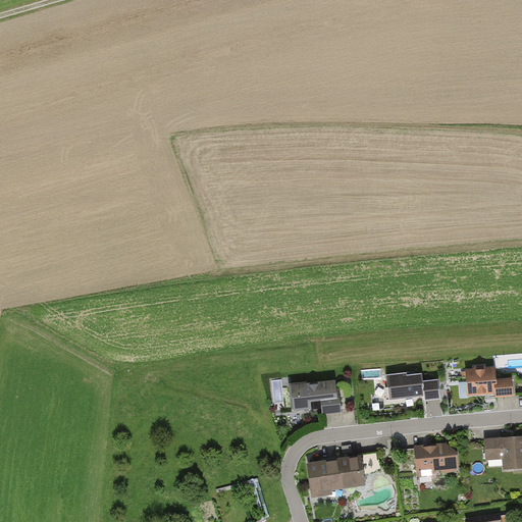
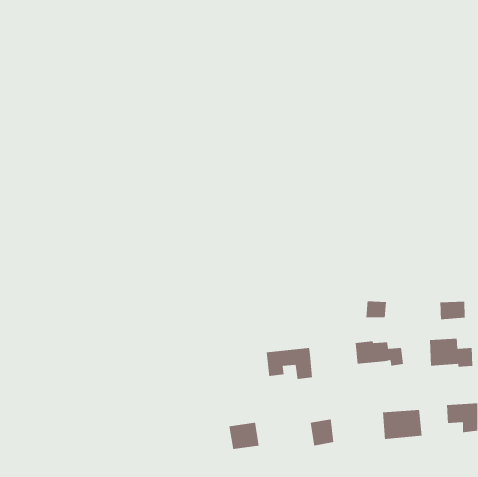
building: none -> [366,301,386,318]
building: none -> [440,301,465,320]
building: [307,459,341,488] -> [229,422,260,450]

